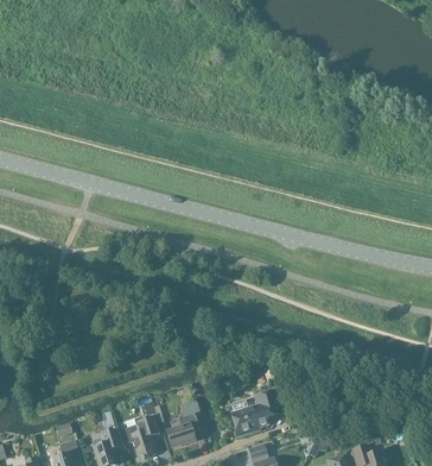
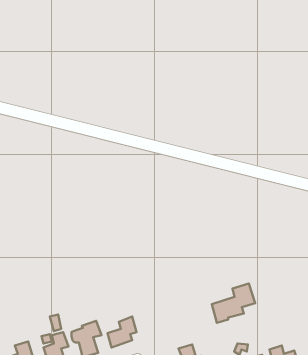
building: [231,390,281,435] -> [212,284,255,323]

